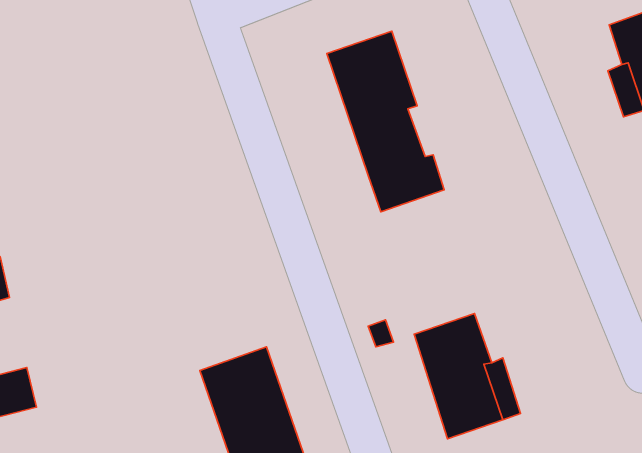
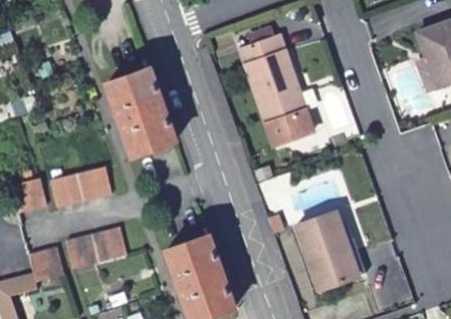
building: none -> [104,68,173,155]
building: none -> [47,168,107,207]
building: none -> [62,228,124,269]

